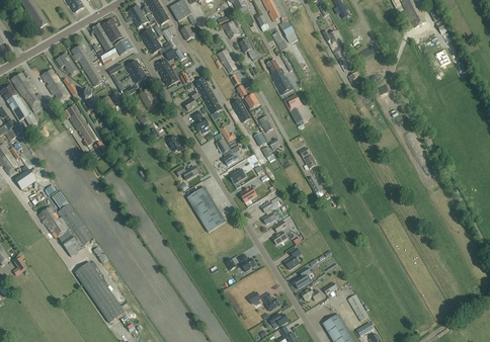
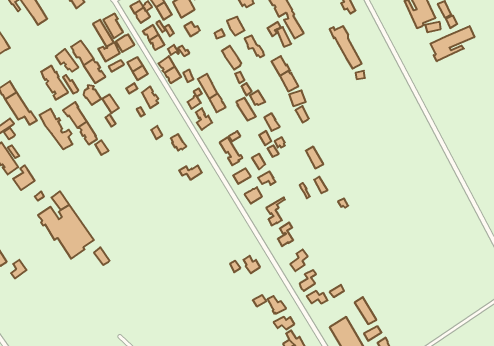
building: none -> [430,26,474,61]
building: [10,72,43,111] -> [39,109,73,149]
building: [186,186,225,232] -> none
building: [73,261,124,322] -> none

